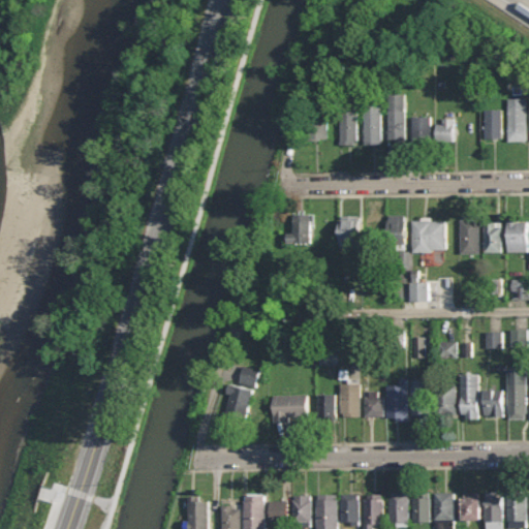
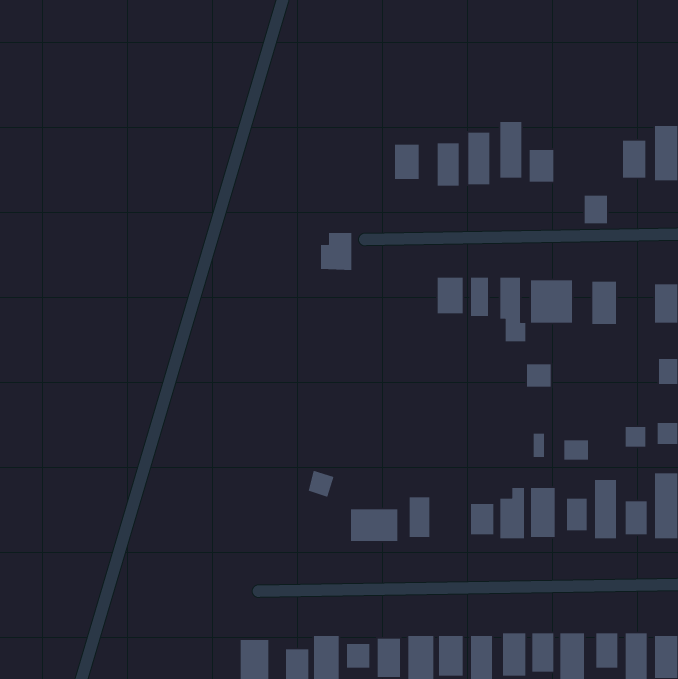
building: [435,119,454,142] -> [584,195,608,224]
building: [286,215,311,245] -> [320,232,352,271]
building: [485,223,501,252] -> none
building: [340,381,360,416] -> none
building: [227,387,249,415] -> none

